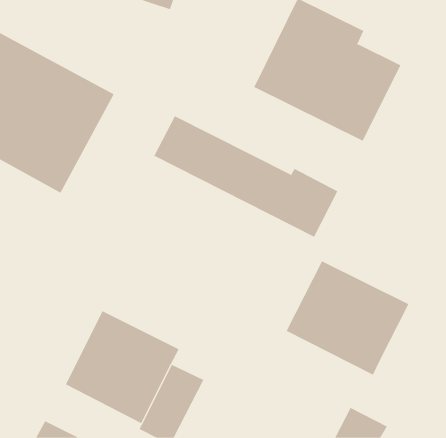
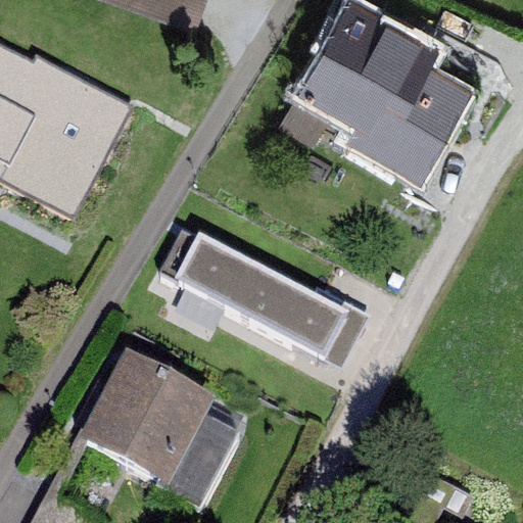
building: [154,115,338,238] -> [154,220,369,362]
building: [286,261,409,375] -> none

